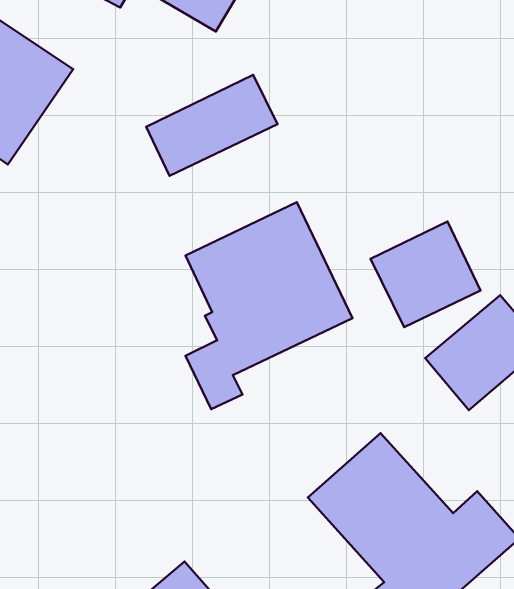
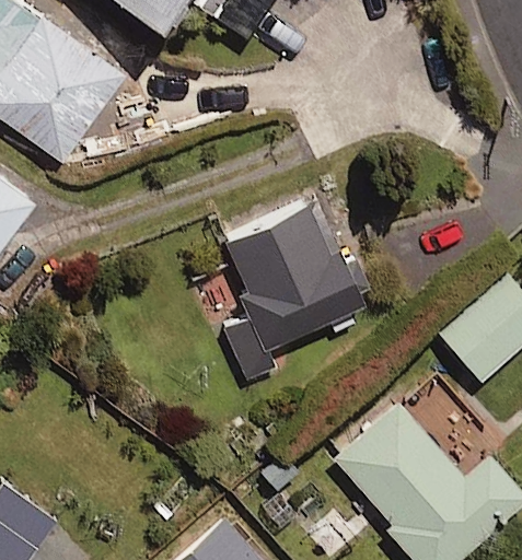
building: [146,75,278,176] -> none
building: [370,221,481,327] -> none

